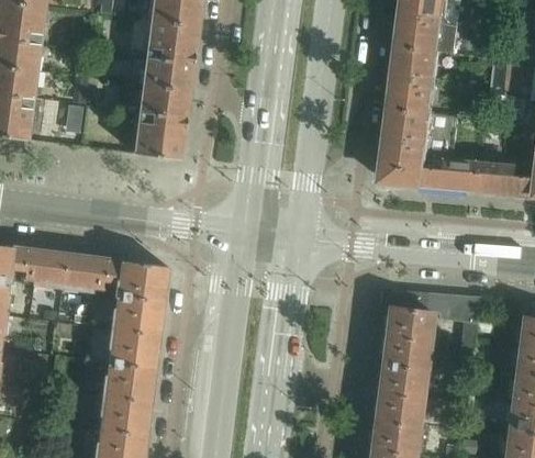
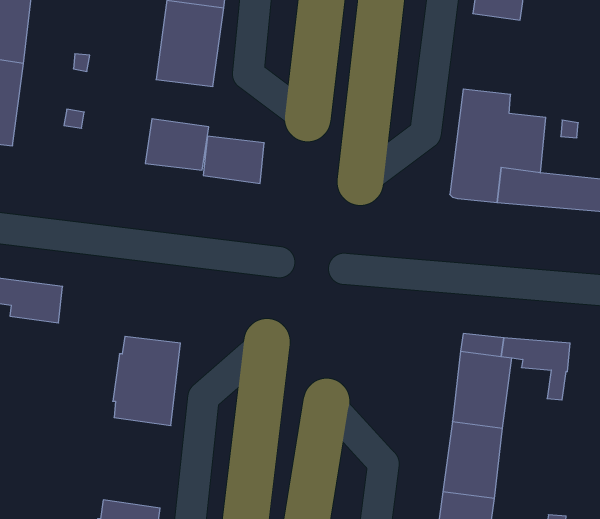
building: [392,33,438,99] -> none
building: [140,87,189,125] -> [203,136,264,183]
building: [64,255,167,301] -> none
building: [100,361,155,435] -> none

